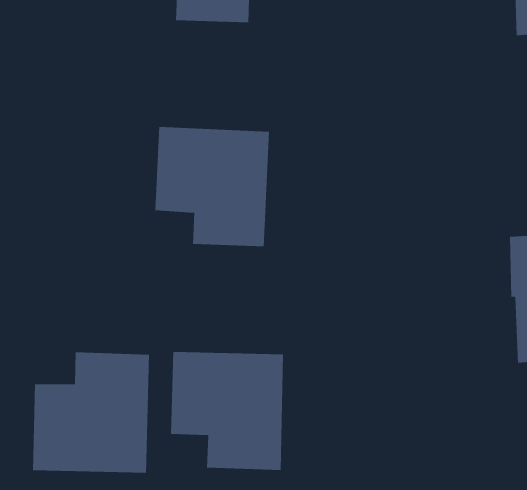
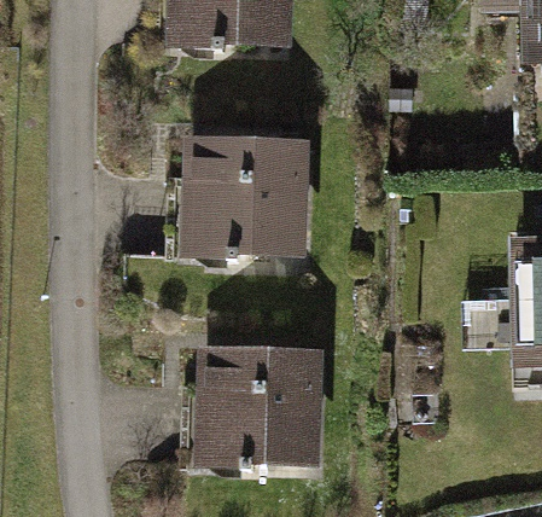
building: [33,352,150,473] -> none

